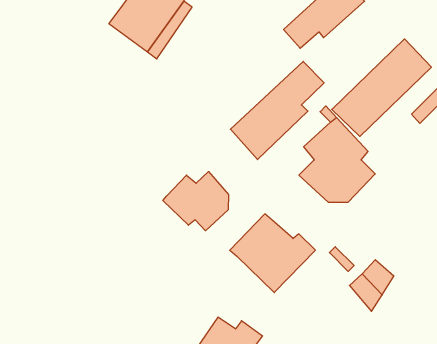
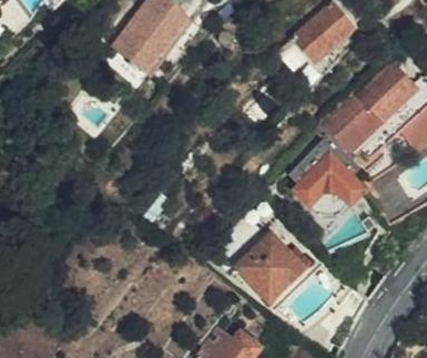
building: [230,61,324,160] -> none
building: [163,172,229,231] -> none

